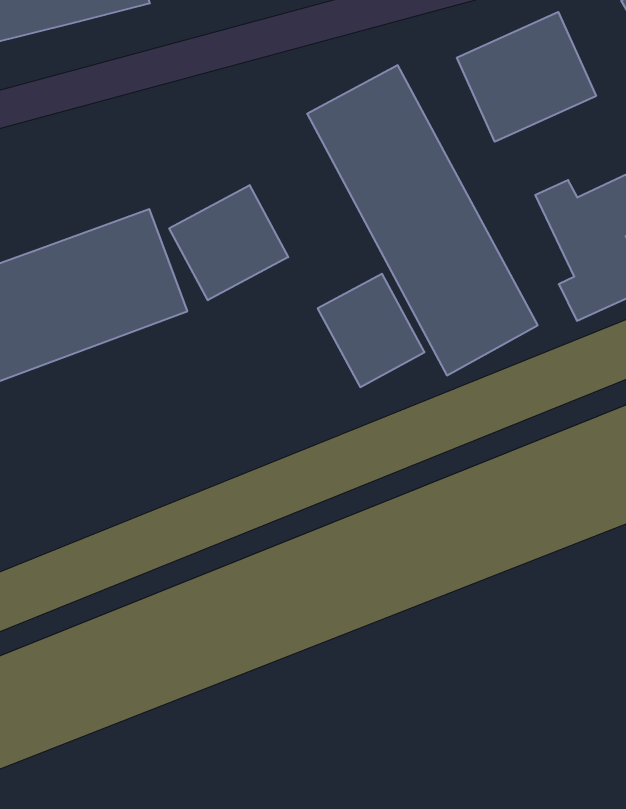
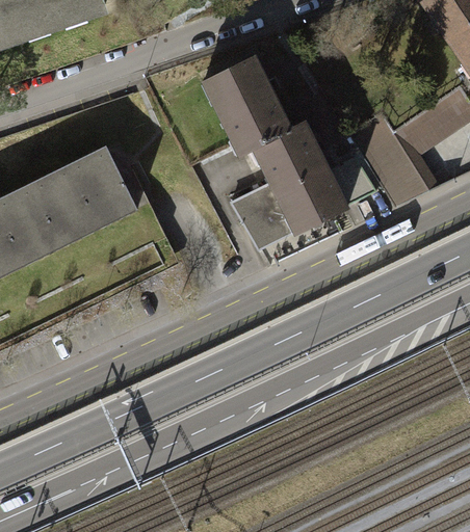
building: [457,12,596,142] -> none
building: [169,185,288,300] -> none

